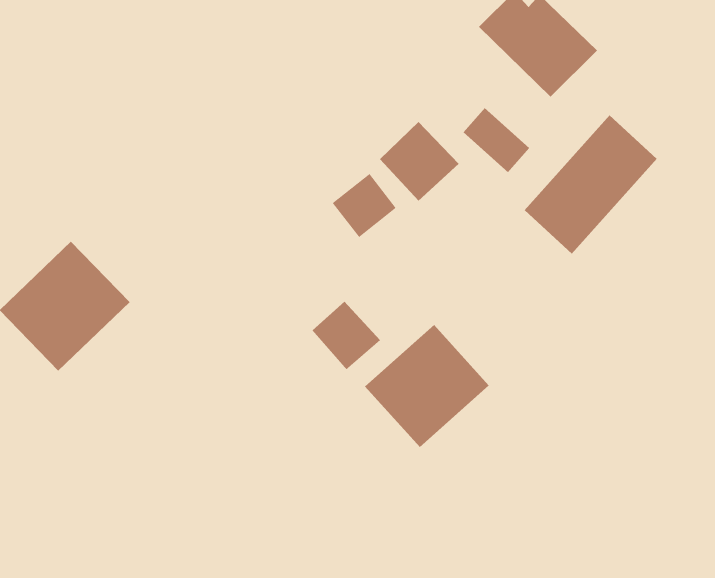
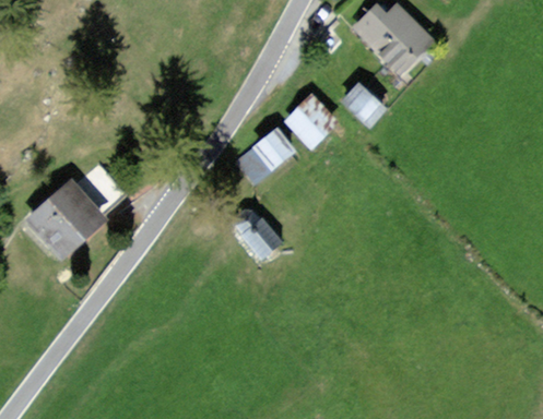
building: [524,115,657,254] -> none
building: [364,324,490,448] -> none

